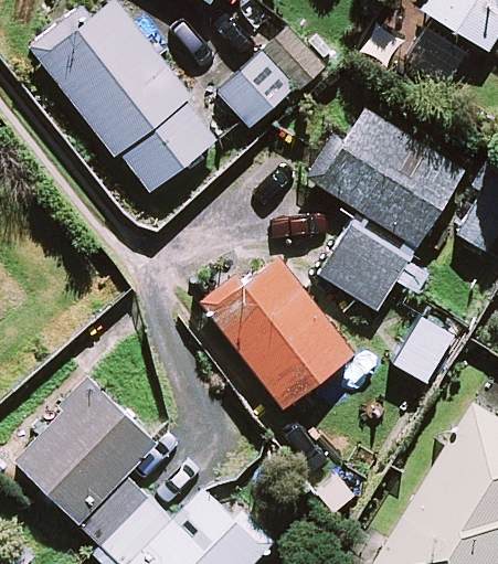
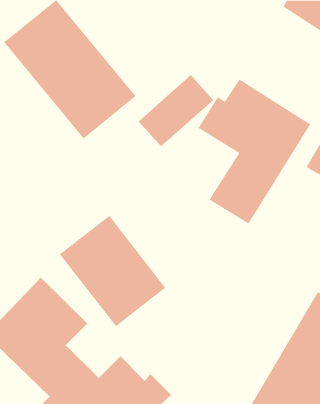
building: [218,26,322,127] -> [138,74,214,147]
building: [204,253,352,407] -> [59,215,166,327]

